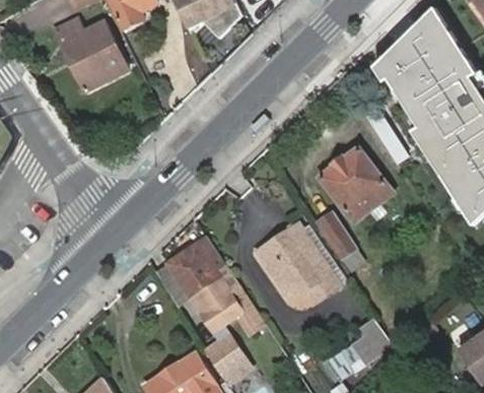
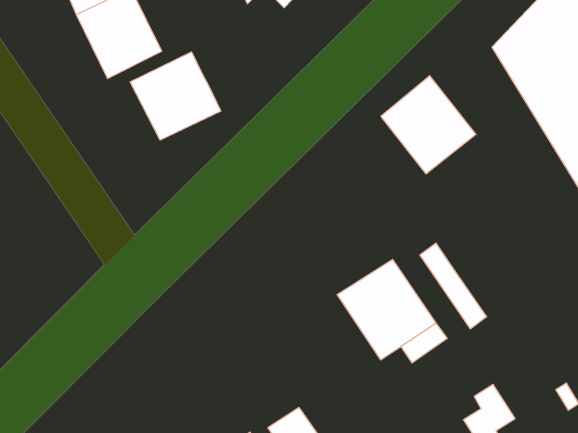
building: none -> [130,52,221,140]
building: [321,146,392,219] -> [381,76,476,174]
building: [168,243,264,330] -> none

